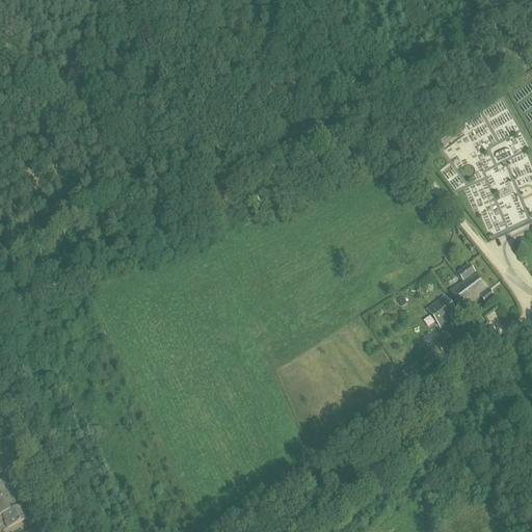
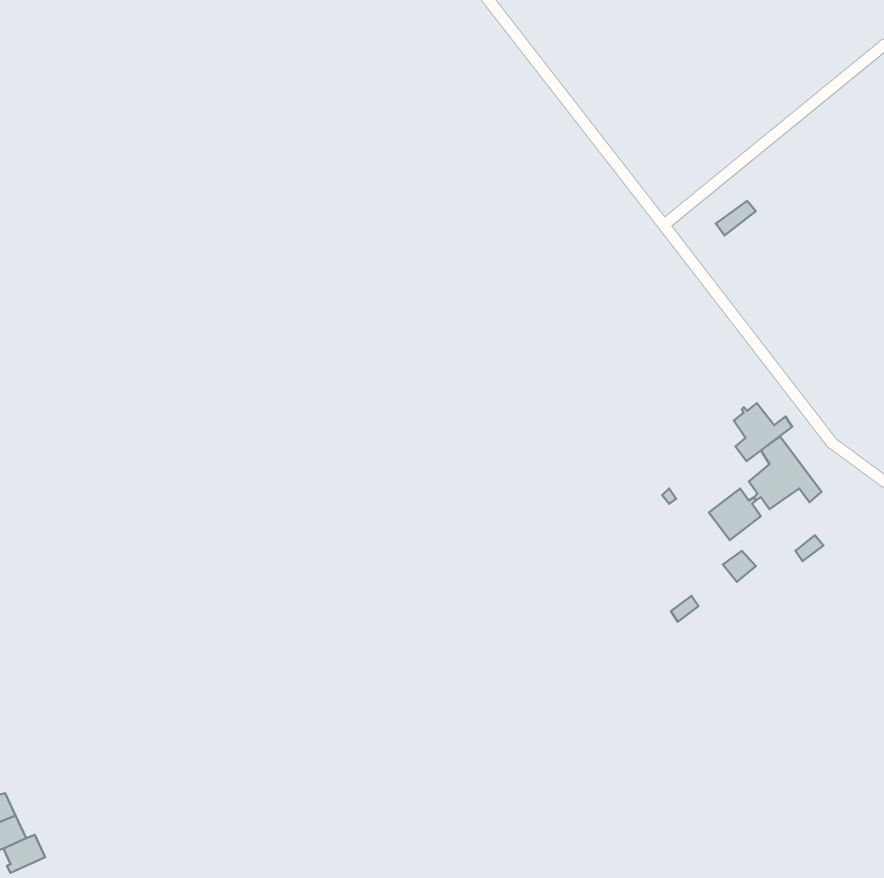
building: none -> [734,403,792,461]

